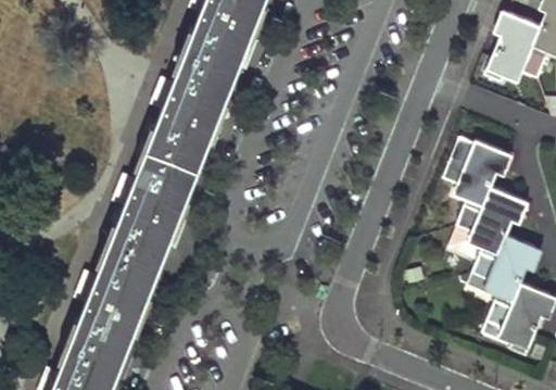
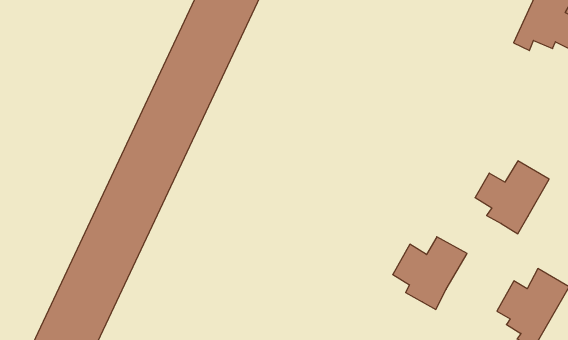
building: [442,141,511,209] -> none
building: [471,239,540,307] -> [393,237,467,309]

